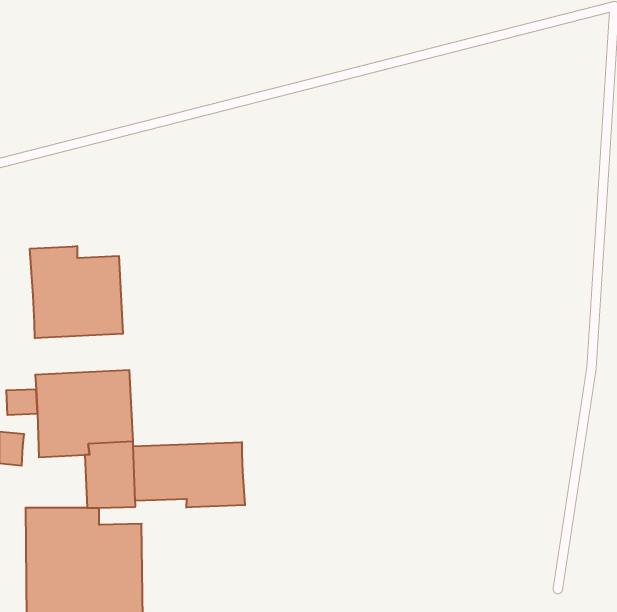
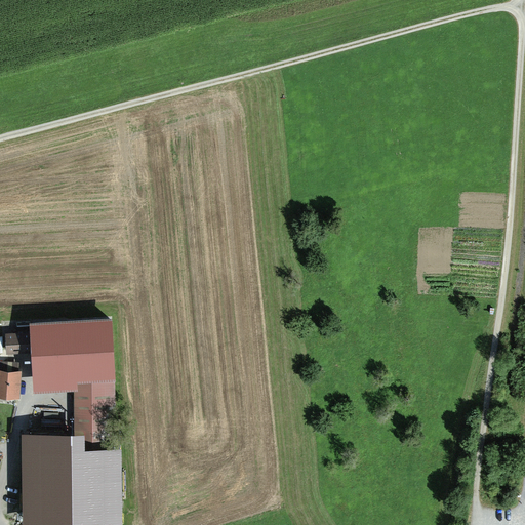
building: [30,246,123,338] -> none
building: [133,442,245,508] -> none

